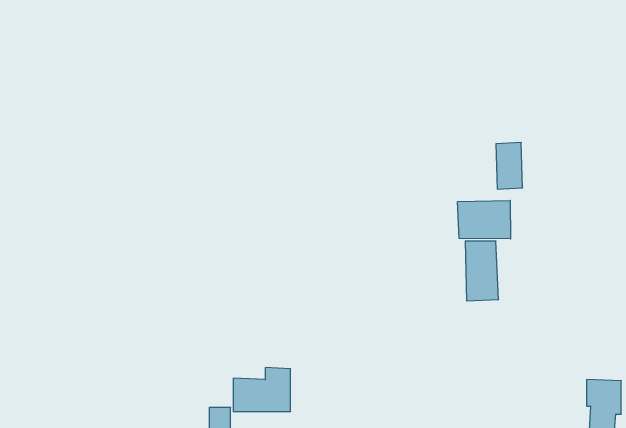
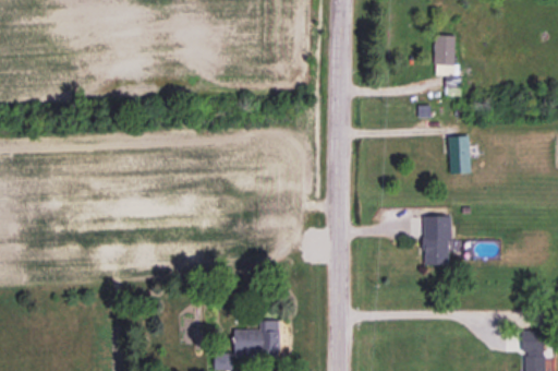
building: none -> [433,35,454,65]
building: [458,200,511,239] -> none

